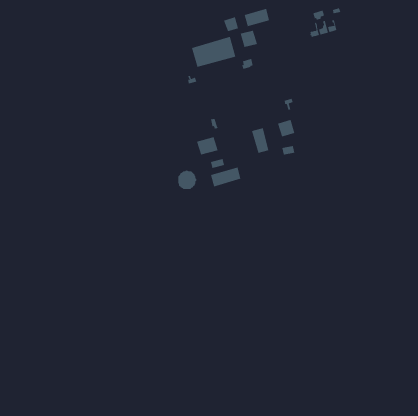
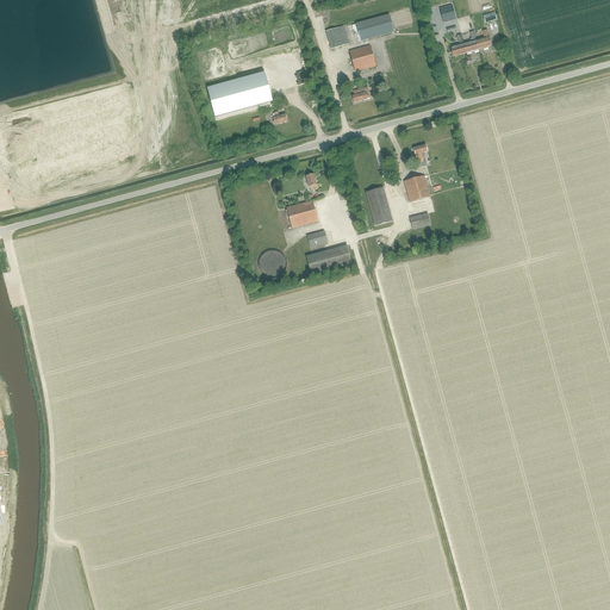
building: [191,36,236,67] -> [207,70,273,116]

